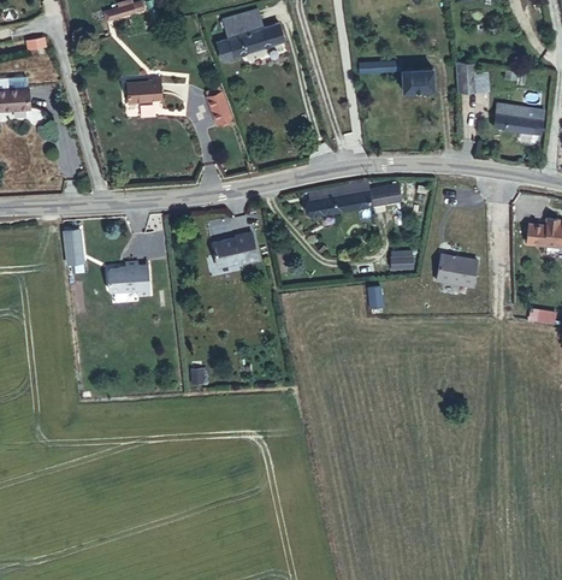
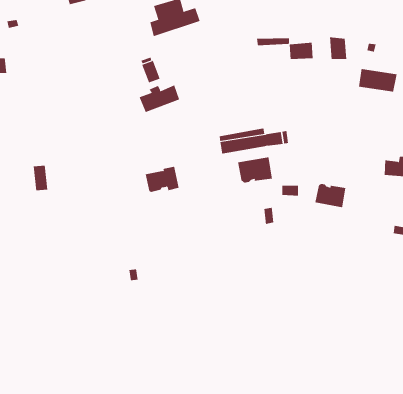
building: [126,81,160,102] -> none
building: none -> [139,84,180,113]
building: none -> [238,157,272,183]
building: [107,261,148,294] -> none

